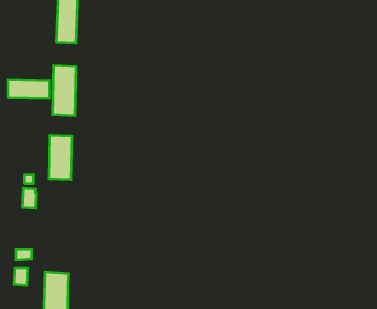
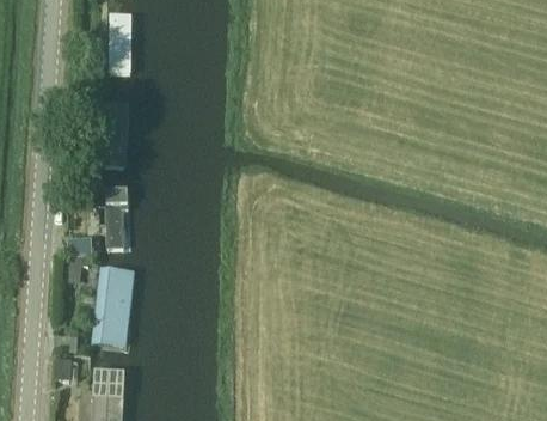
building: [8,80,49,98] -> none
building: none -> [97,268,129,340]

